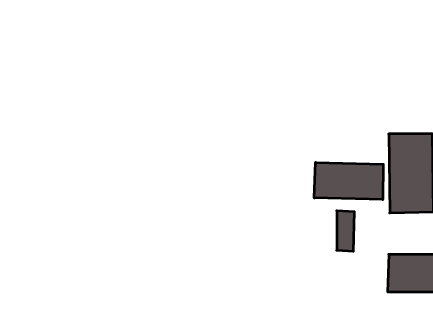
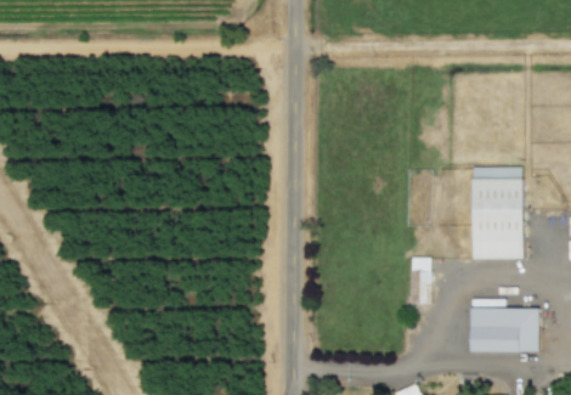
building: [314,162,383,200] -> none

